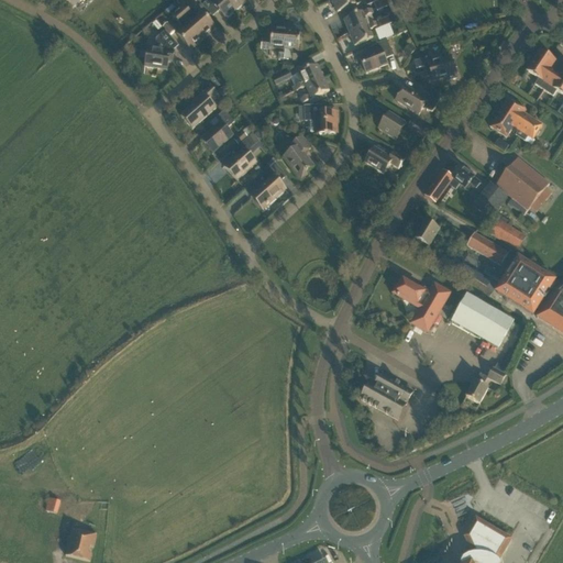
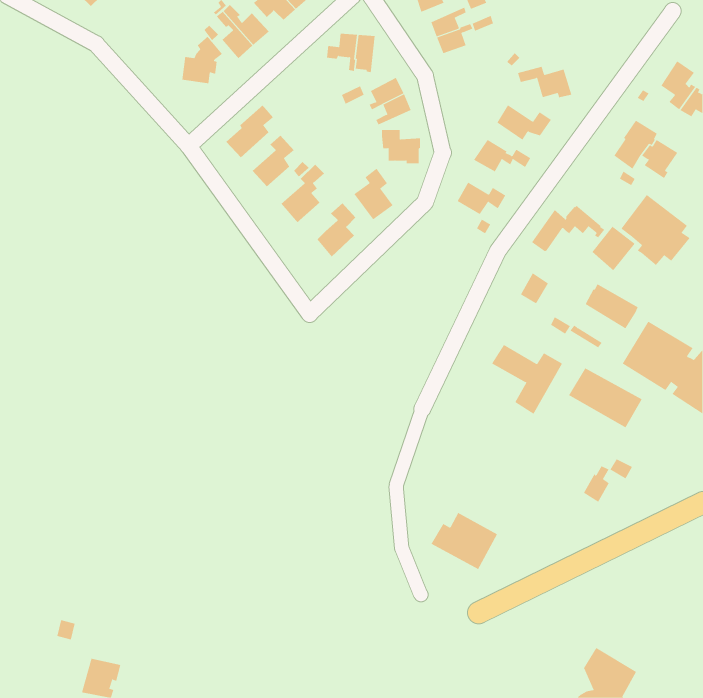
building: [358,36,394,70] -> none
building: [488,217,527,249] -> none
building: [360,372,413,418] -> [430,512,498,570]

